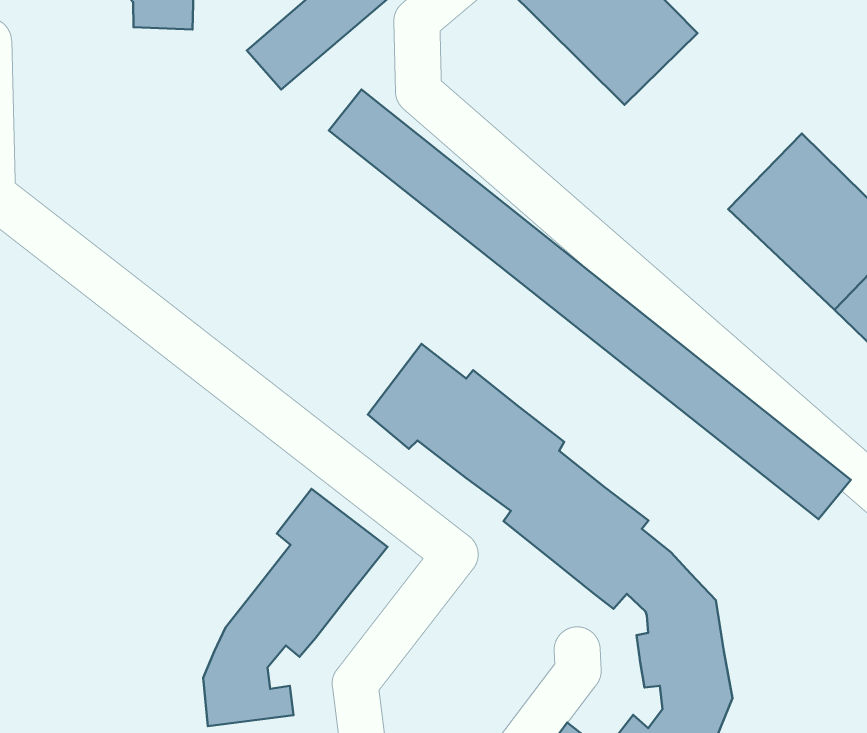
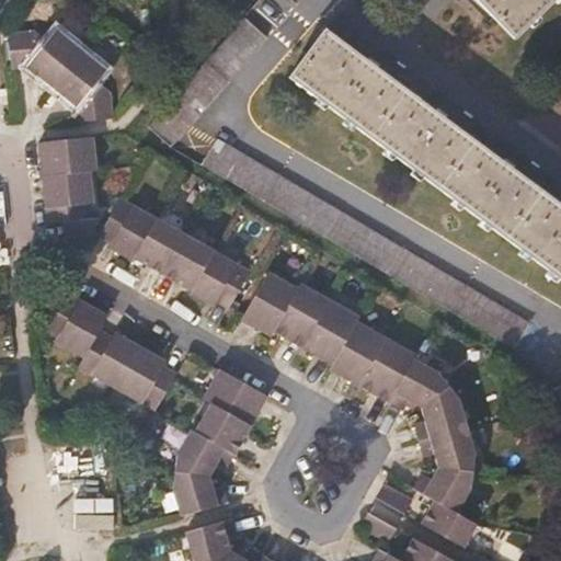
building: none -> [367,78,471,176]
building: none -> [42,135,100,231]
building: none -> [102,199,252,310]
building: none -> [41,277,174,408]

